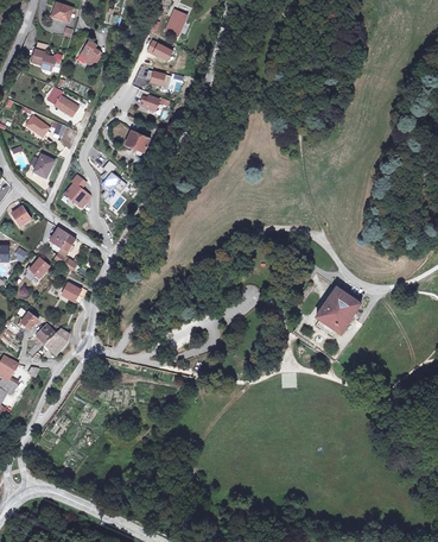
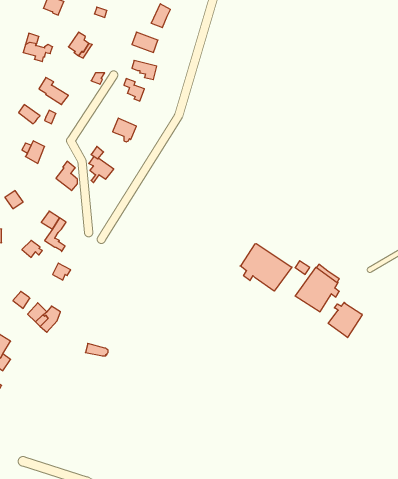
building: none -> [240,244,292,291]
building: none -> [328,302,362,338]

